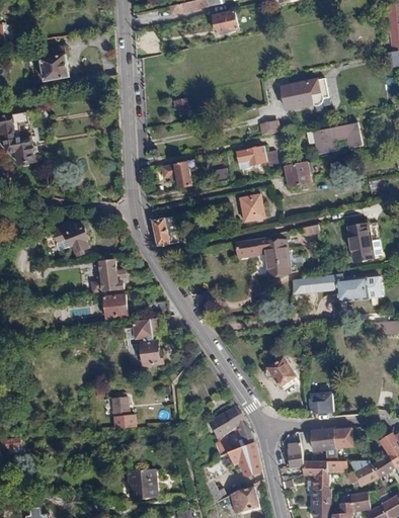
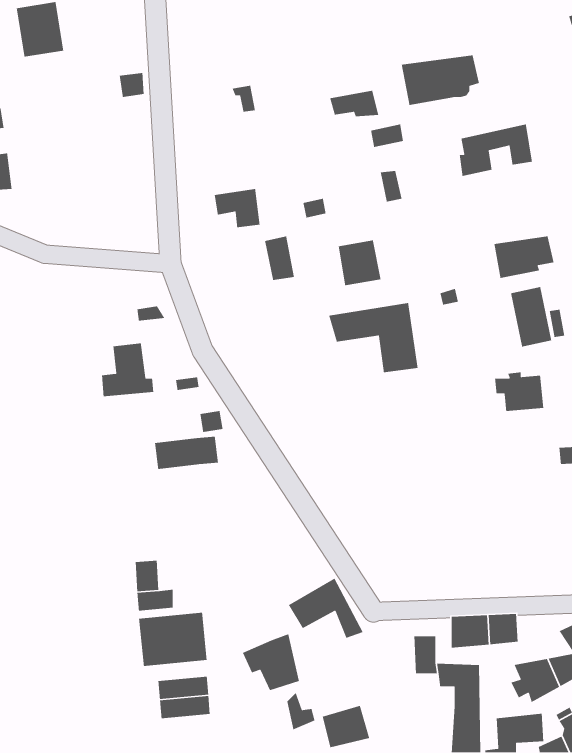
building: [236,147,267,164] -> [329,90,379,117]
building: [284,161,322,188] -> [493,235,555,279]
building: [152,218,171,246] -> [264,236,295,281]
building: [50,224,87,257] -> none
building: [292,275,335,295] -> none
building: [88,294,126,318] -> none
building: [139,341,161,365] -> none
building: [266,356,296,387] -> none
building: [310,393,335,413] -> none
building: none -> [138,612,207,667]
building: [227,441,263,478] -> [242,633,300,691]

